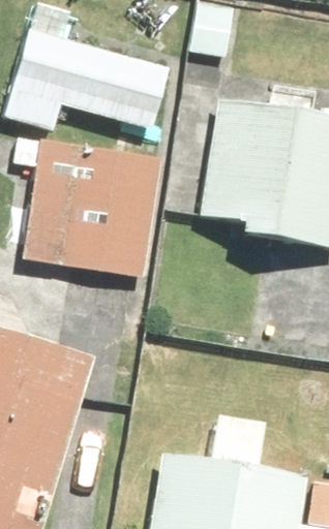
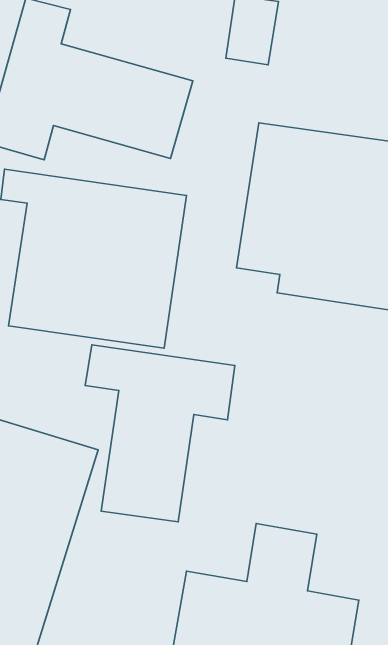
building: none -> [85,345,235,522]

